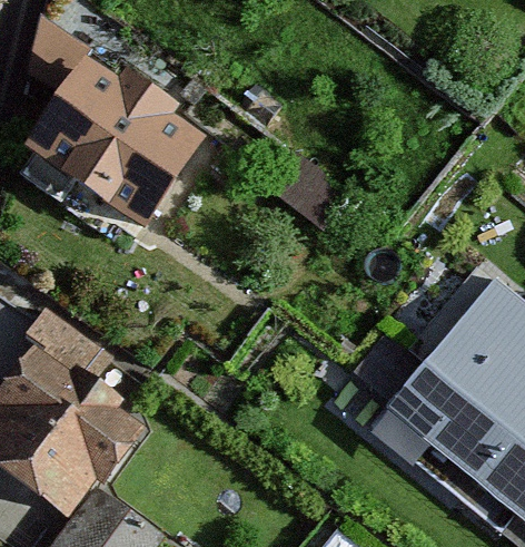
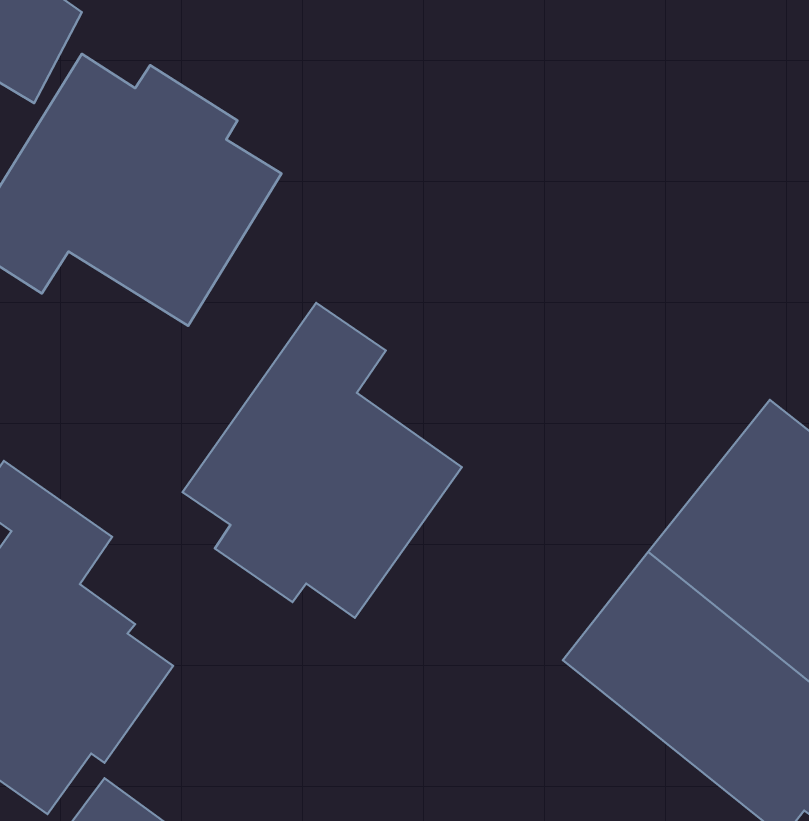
building: none -> [183,303,462,618]

